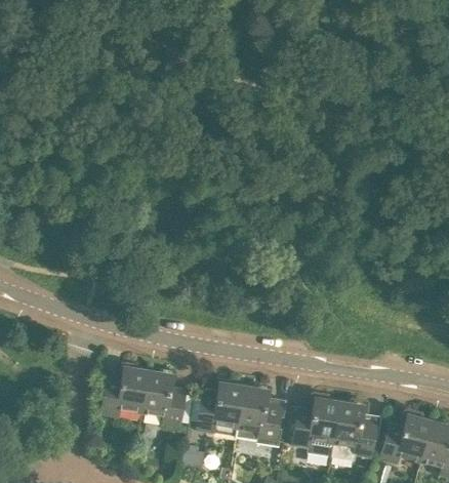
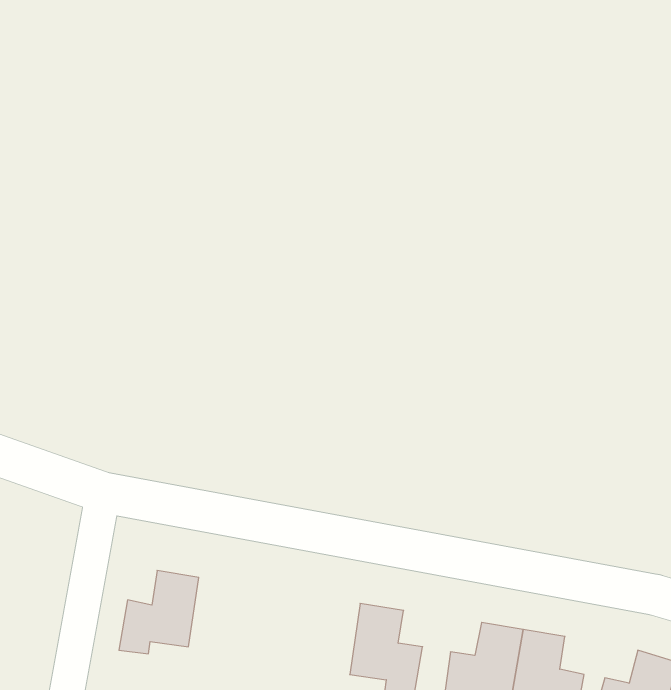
building: [144,370,186,426] -> none
building: [198,381,245,432] -> none

